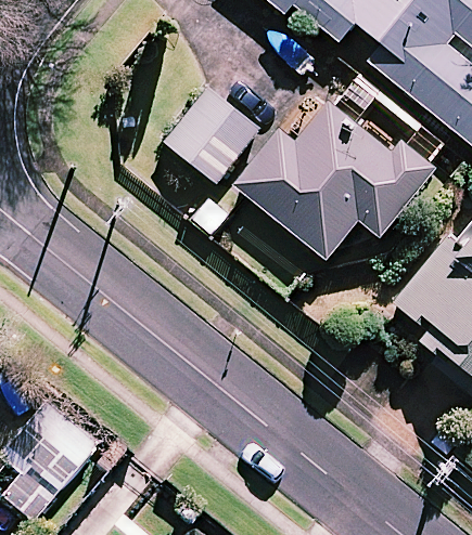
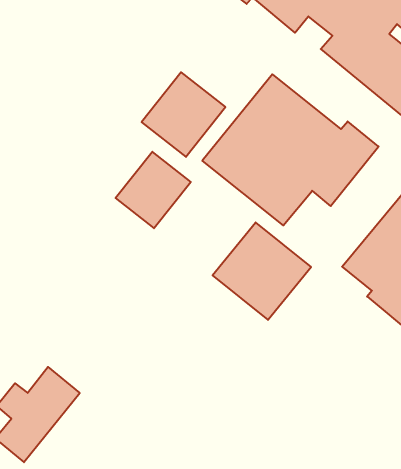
building: none -> [116,152,191,228]
building: none -> [213,222,311,320]

